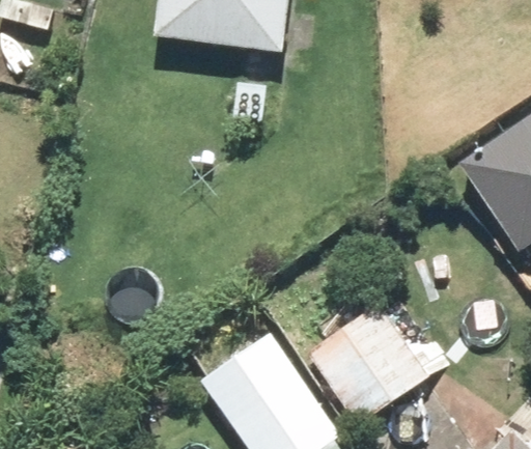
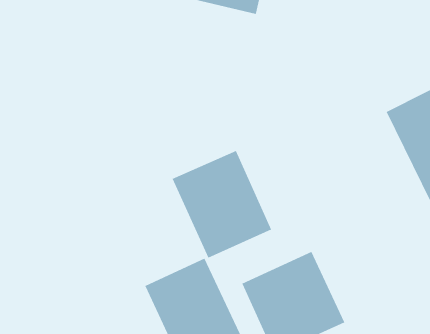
building: none -> [172,150,272,259]

